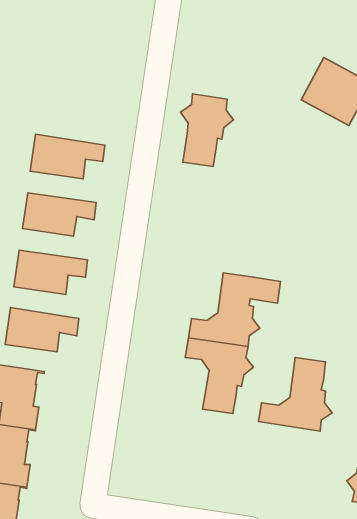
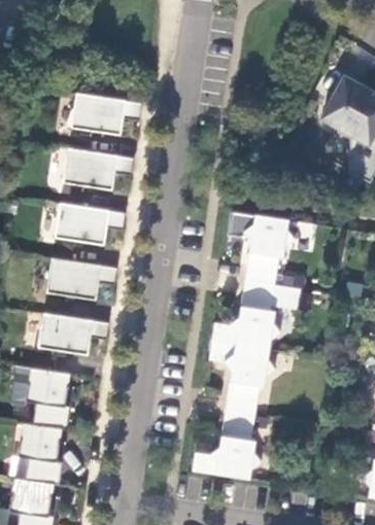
building: none -> [70,94,141,136]
building: [181,94,234,166] -> [243,215,294,284]
building: [258,357,332,431] -> [191,410,261,480]

